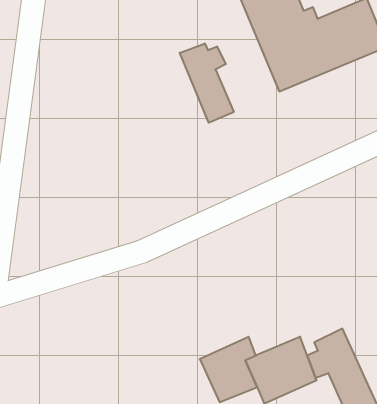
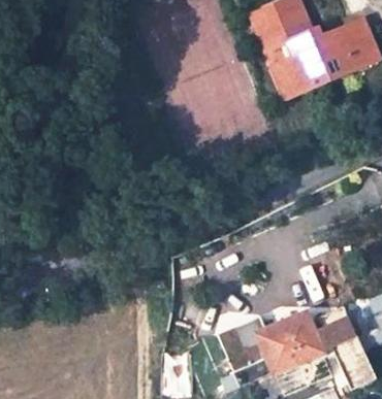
building: [180,43,234,123] -> none

